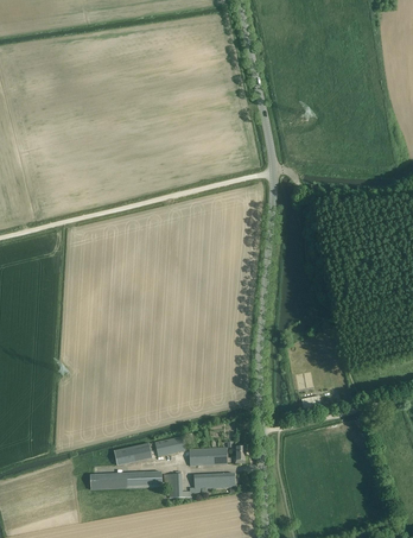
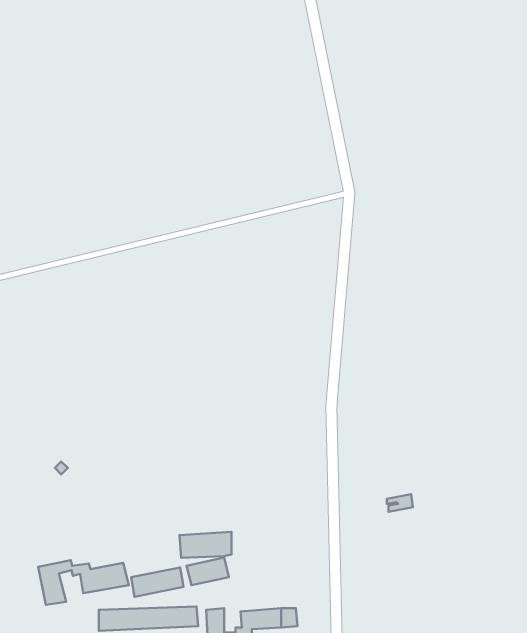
building: none -> [38,560,129,605]
building: [189,447,227,466] -> [180,532,232,558]

